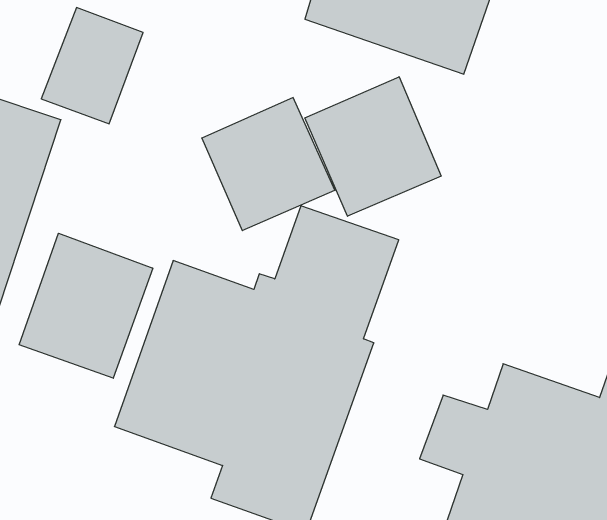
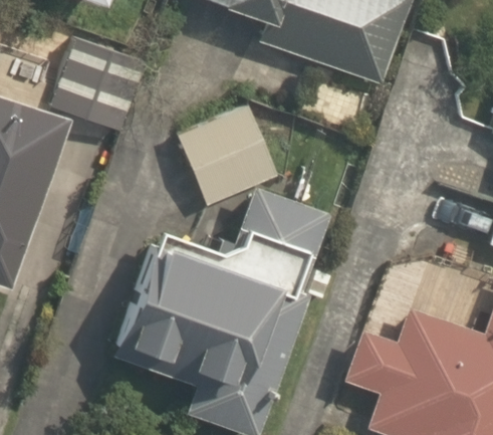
building: [305,77,441,216] -> none
building: [19,233,153,378] -> none

